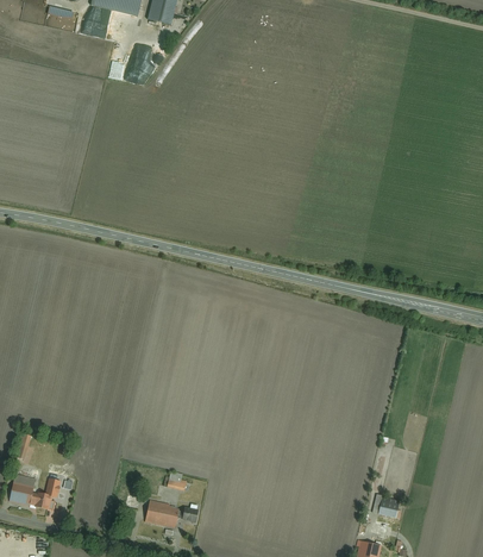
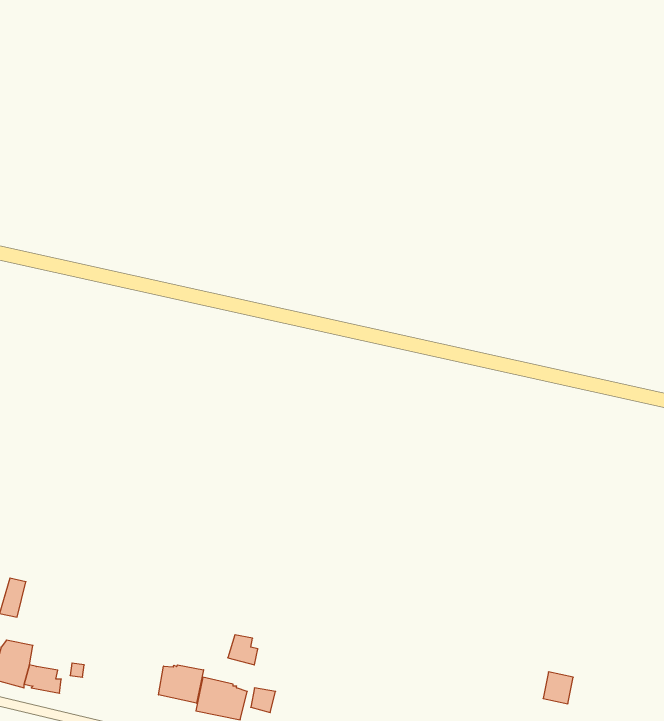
building: none -> [159,665,204,703]

